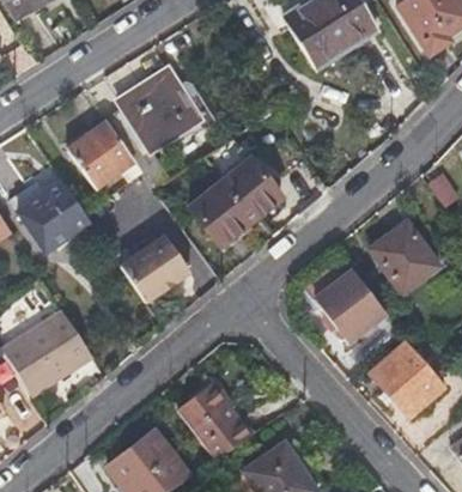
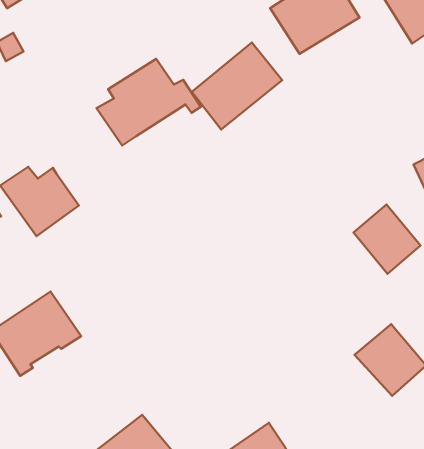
building: [68,122,134,188] -> none
building: [188,158,280,247] -> [192,43,282,130]
building: [120,235,189,302] -> none
building: [315,271,387,344] -> none
building: [177,382,250,460] -> none

